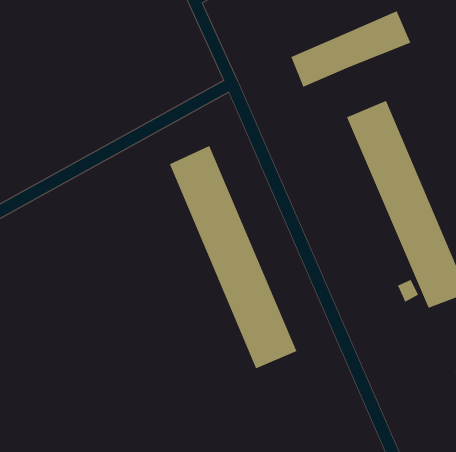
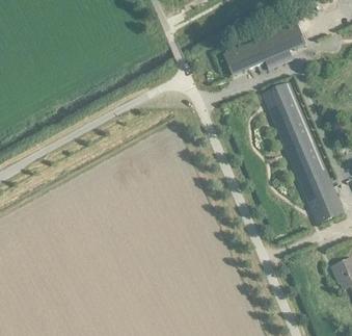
building: [169,145,297,369] -> none

